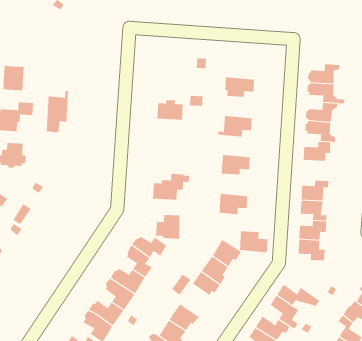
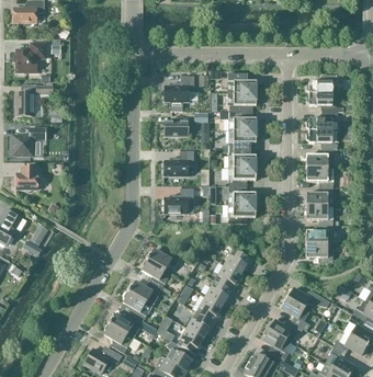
building: none -> [14,44,44,72]
building: none -> [163,76,194,111]
building: none -> [227,73,256,93]
building: [46,90,69,133] -> none
building: none -> [228,111,256,130]
building: none -> [163,150,193,175]
building: none -> [223,148,256,168]
building: none -> [306,168,334,186]
building: [156,214,180,239] -> none
building: [239,231,268,253] -> [228,185,256,205]
building: none -> [195,292,224,323]

